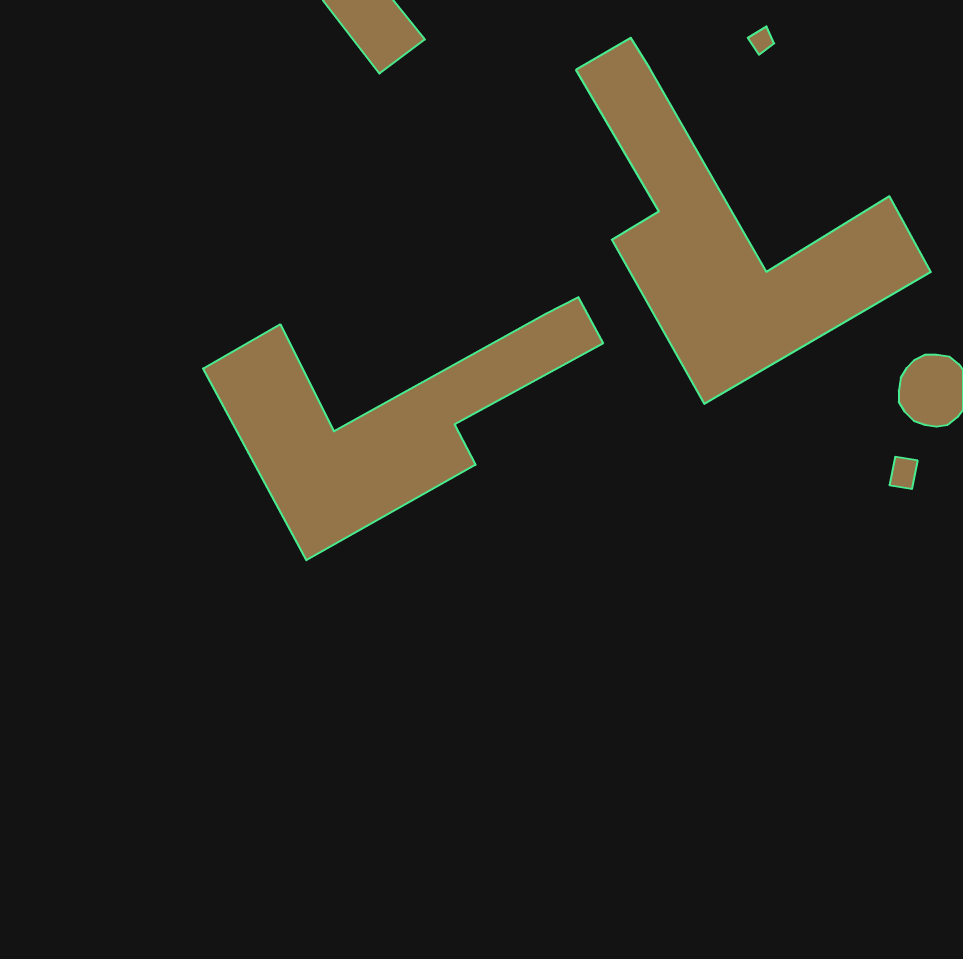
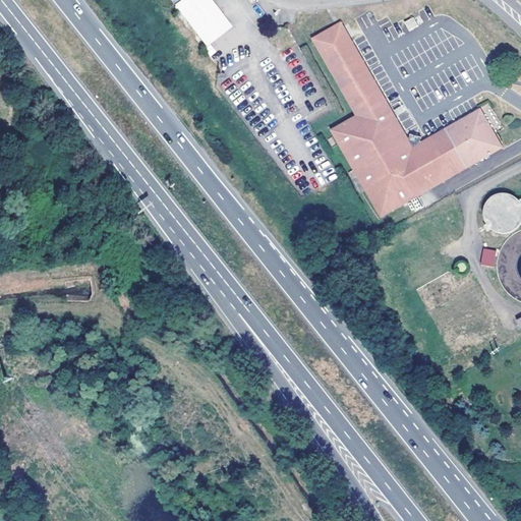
building: [203,297,603,560] -> none

